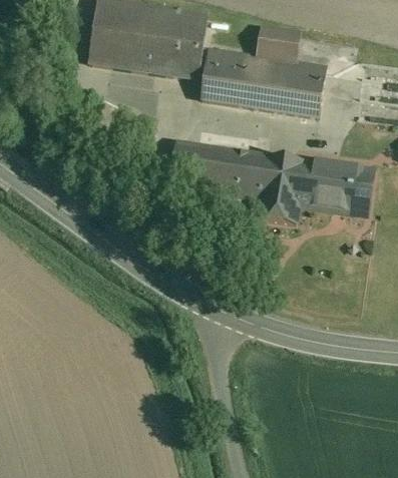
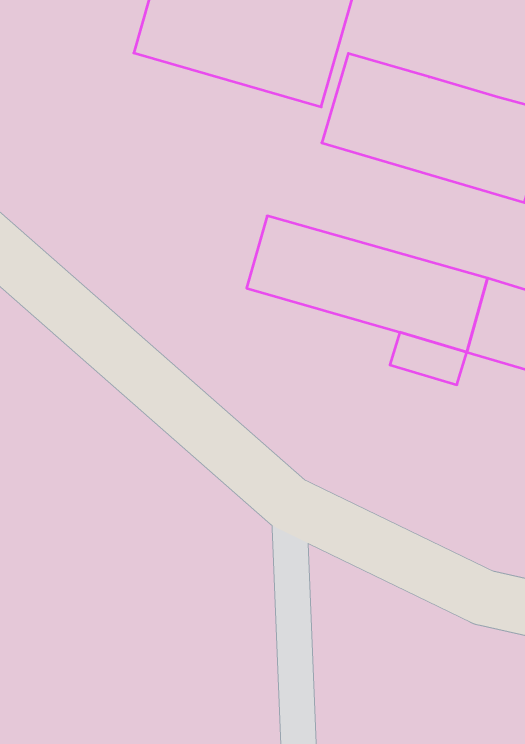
building: [256,28,300,59] -> none

